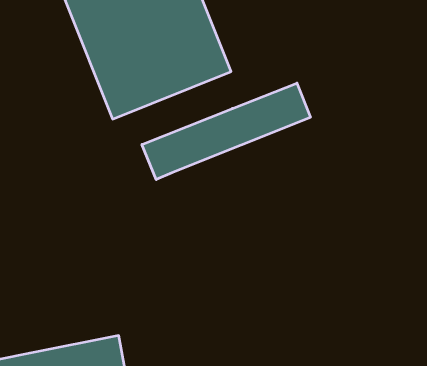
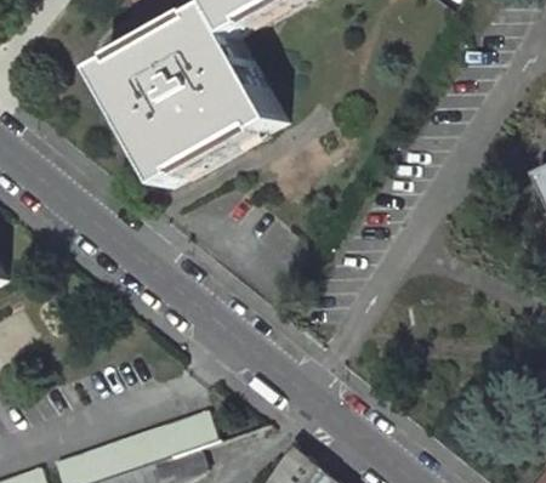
building: [142,83,310,180] -> none

